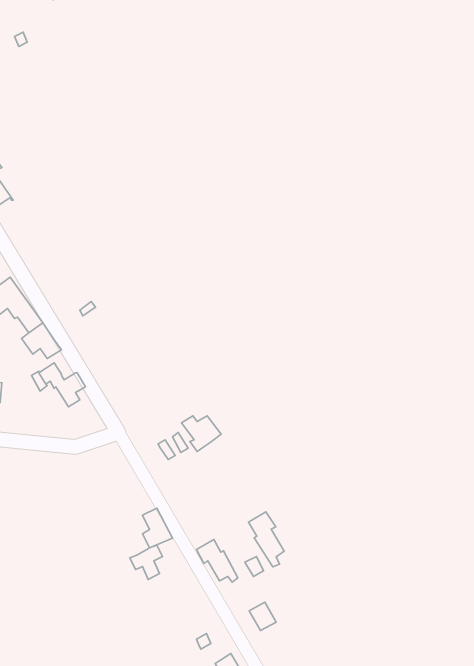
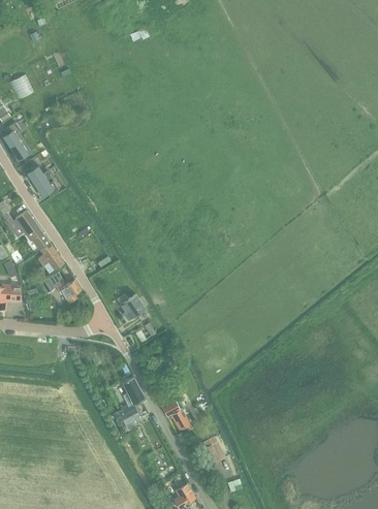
building: none -> [25,165,58,196]
building: [181,416,221,451] -> [116,294,145,320]
building: [248,512,284,567] -> none

